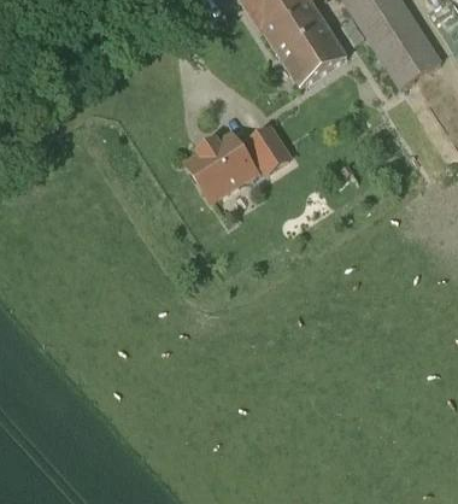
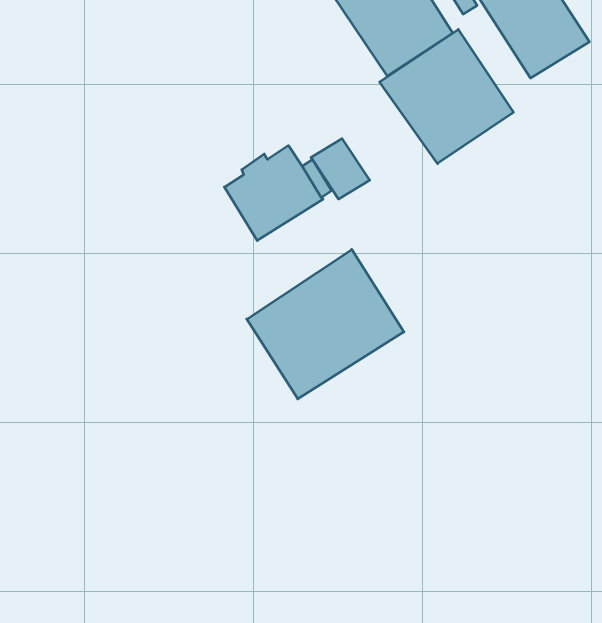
building: none -> [380,29,513,164]
building: none -> [247,249,404,399]

